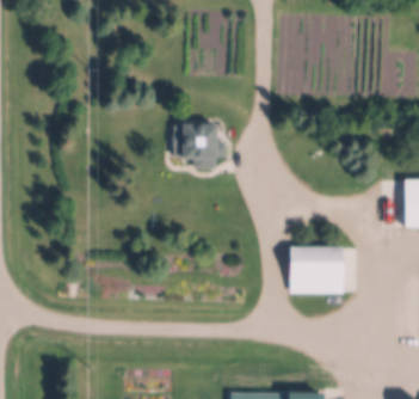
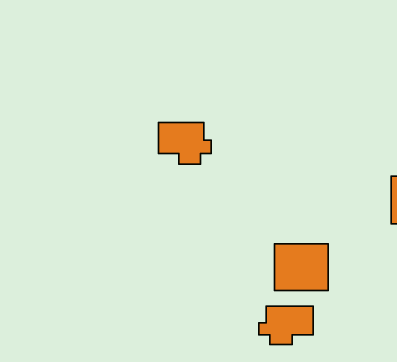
building: none -> [259,306,313,345]

